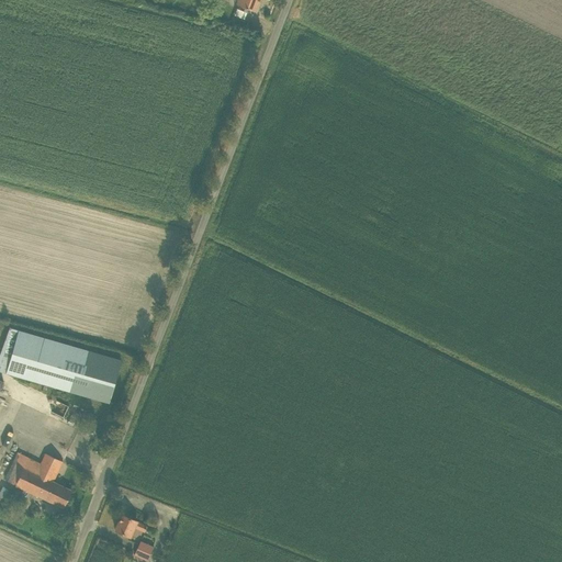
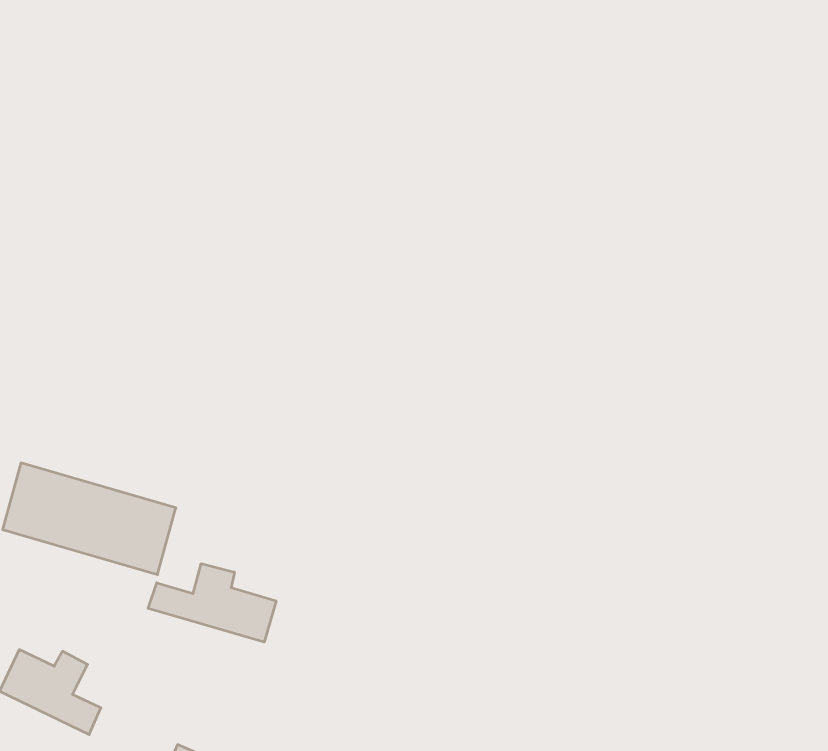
building: none -> [148,564,276,642]

